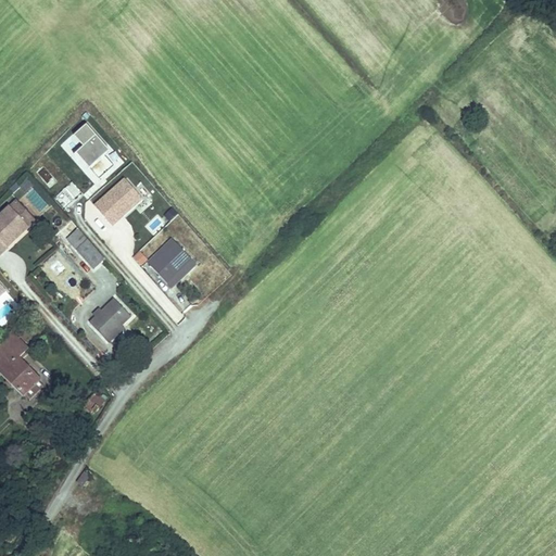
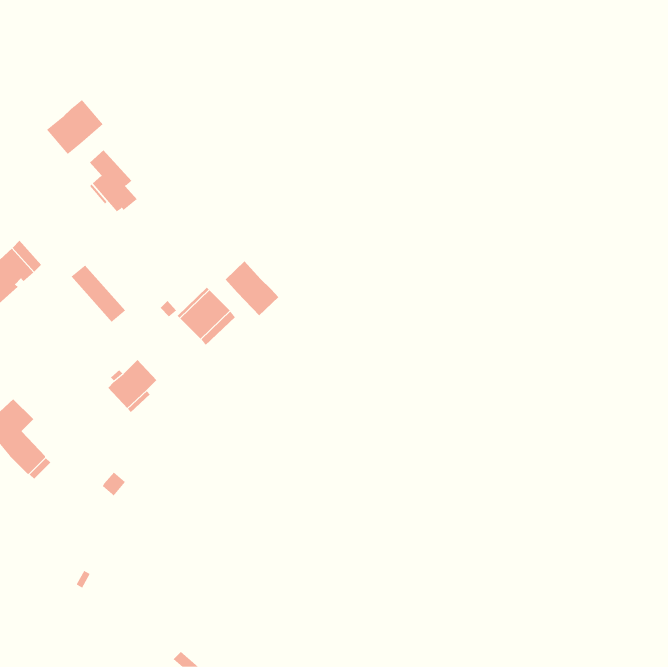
building: none -> [46,99,104,155]
building: [93,178,142,224] -> none
building: none -> [225,261,279,316]

